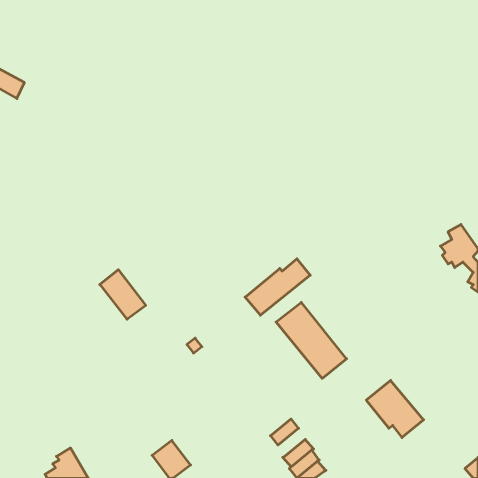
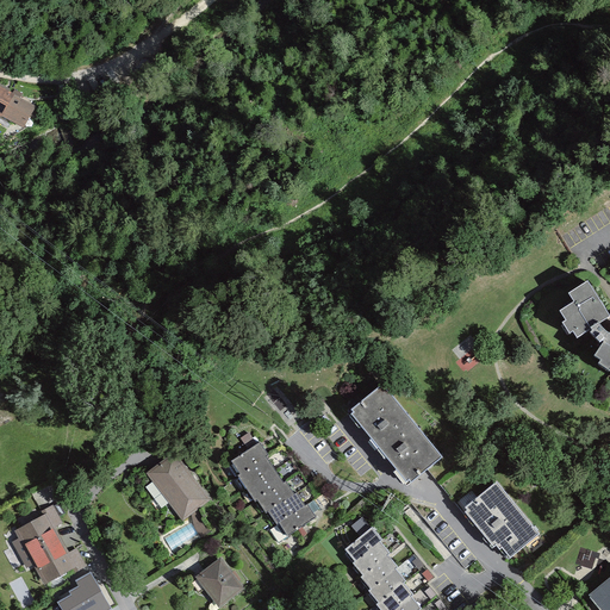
building: [245,259,310,315] -> none
building: [100,270,146,319] -> [148,453,206,516]
building: none -> [232,444,312,531]
building: none -> [13,505,85,580]
building: none -> [351,543,390,579]

